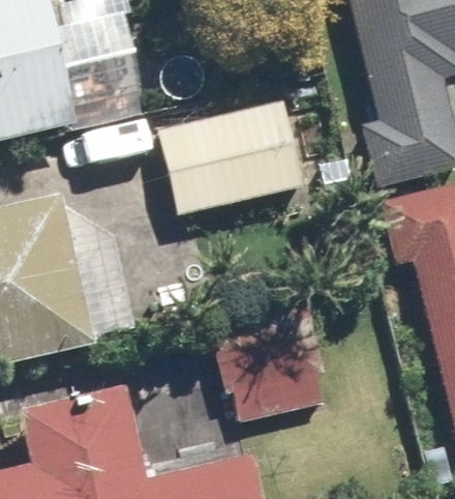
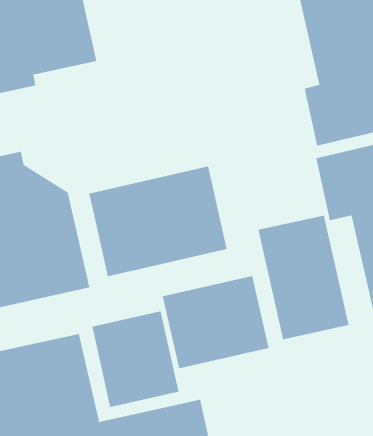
building: [157,98,304,215] -> [88,166,228,277]
building: none -> [258,215,349,340]
building: none -> [92,311,179,408]

